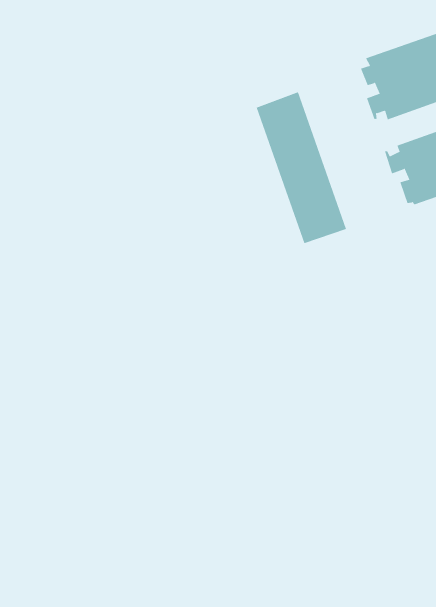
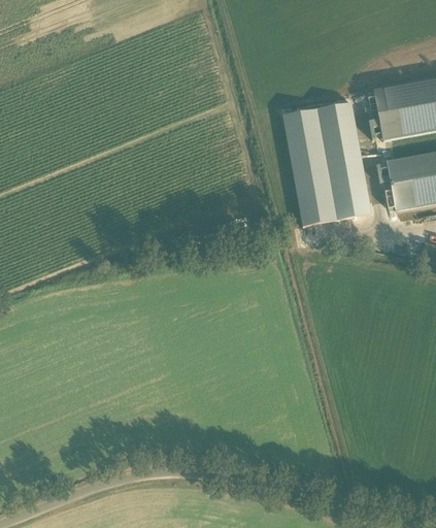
building: none -> [317,102,372,220]

